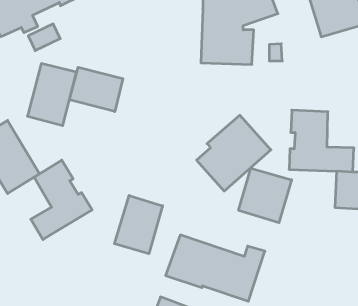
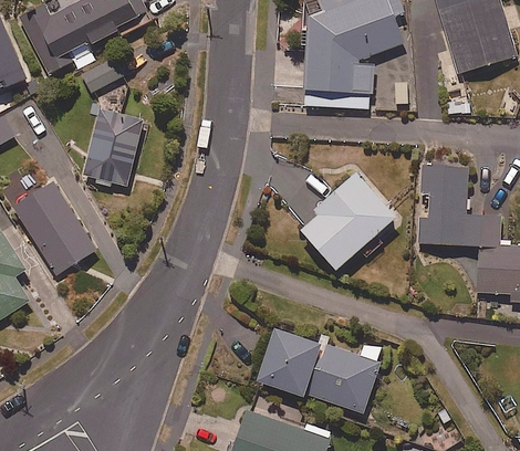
building: [69,67,123,112] -> none
building: [31,160,92,240] -> none
building: [239,168,292,223] -> none
building: [114,195,163,254] -> none

